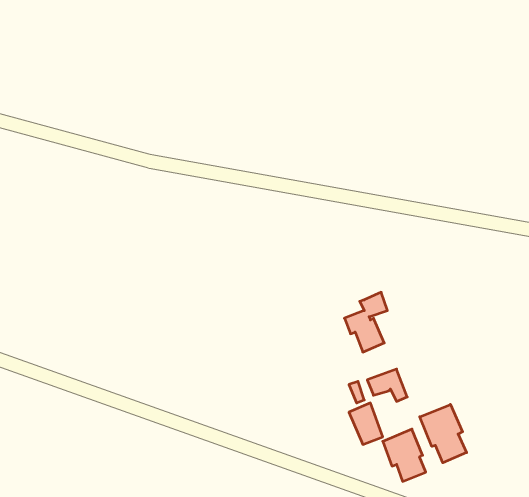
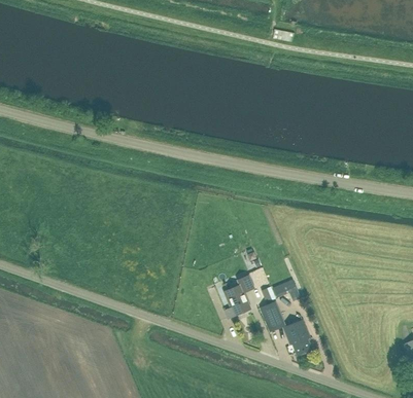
building: [344,292,387,352] -> [225,274,253,314]
building: [420,404,467,463] -> none

